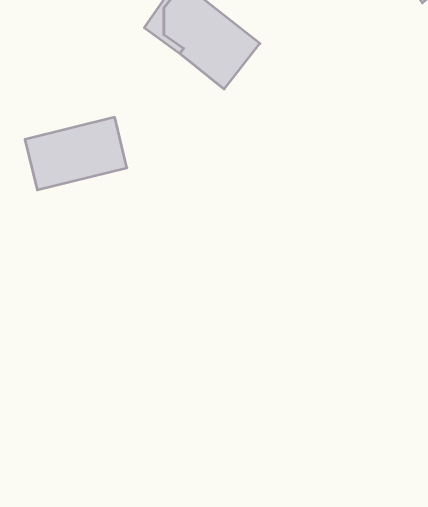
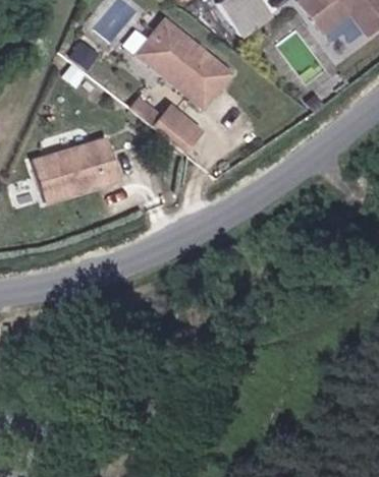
building: none -> [158,107,204,151]

